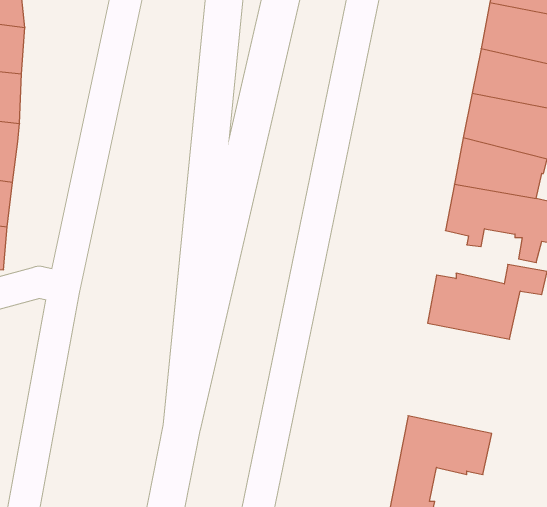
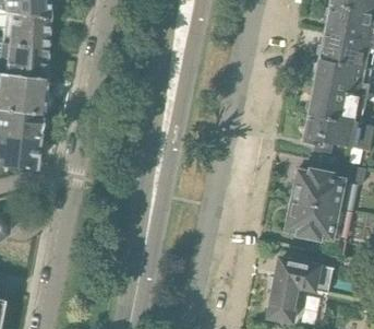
building: none -> [289,200,348,256]

